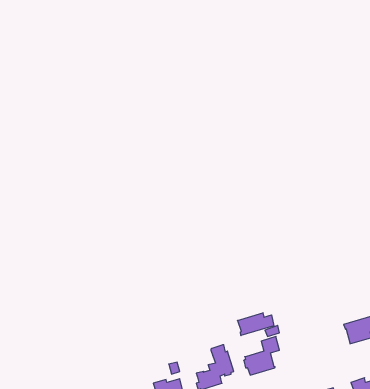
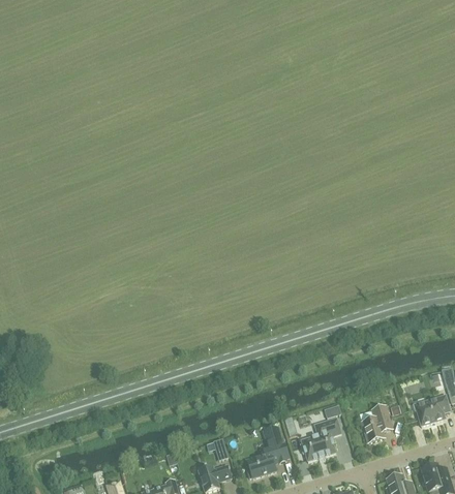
building: [237,313,274,336] -> none
building: none -> [361,405,391,441]

